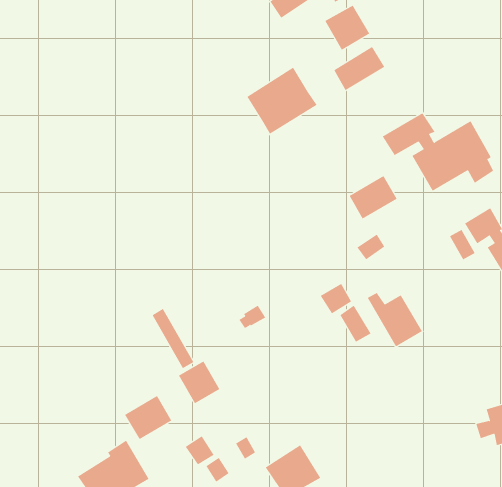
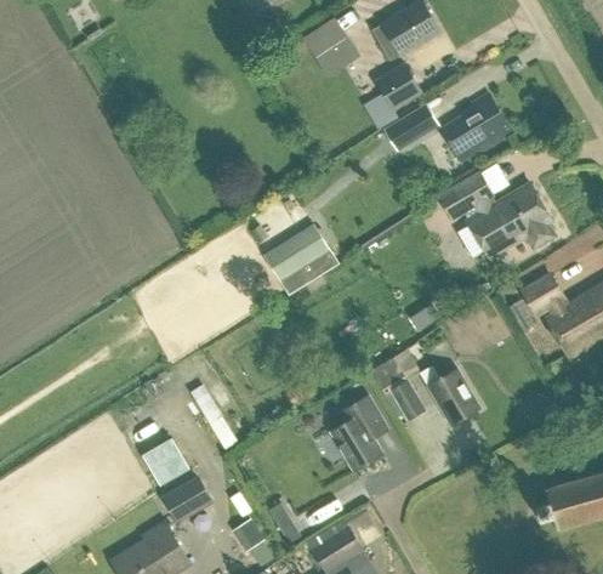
building: none -> [440,92,511,160]
building: [247,67,317,135] -> [263,222,339,294]
building: [349,175,397,219] -> none
building: none -> [329,394,382,471]
building: none -> [141,436,189,484]
building: [178,360,220,404] -> none

